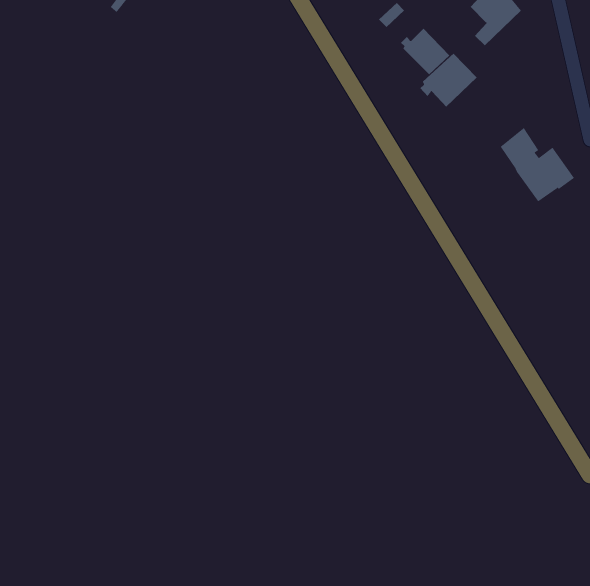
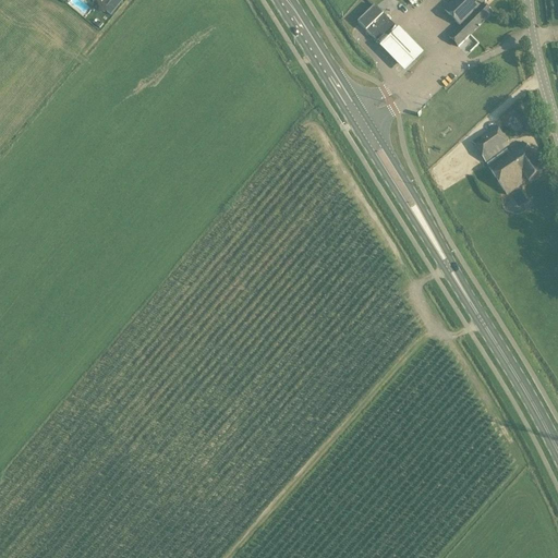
building: none -> [364,10,395,40]
building: [419,53,477,108] -> none

